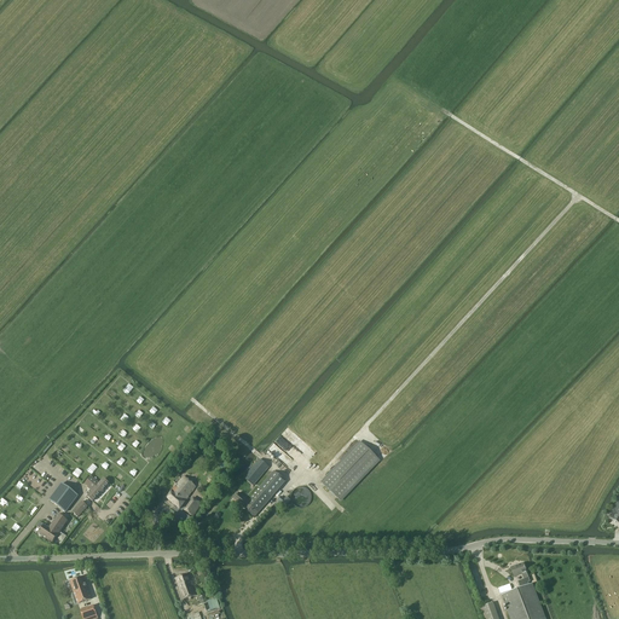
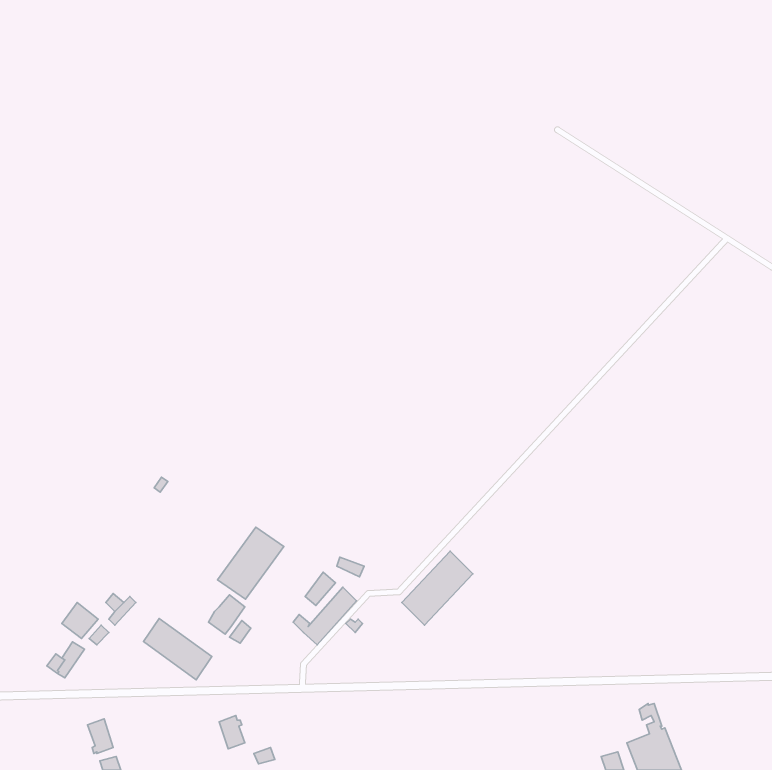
building: none -> [217,527,284,599]
building: none -> [144,618,212,680]

